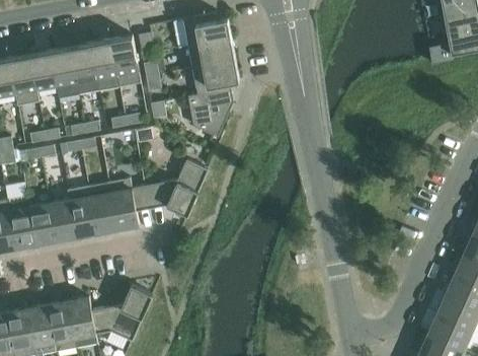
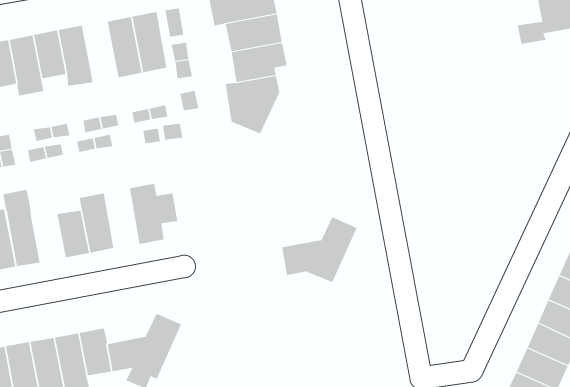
building: [70,45,99,95] -> none
building: [145,161,208,216] -> [281,217,358,283]
building: [88,183,116,232] -> none
building: [28,204,56,244] -> none

